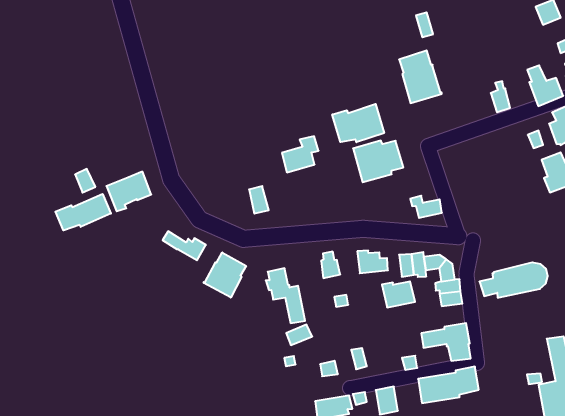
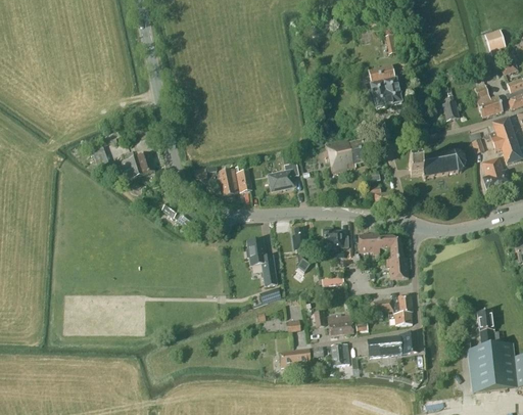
building: [332,104,384,142] -> none
building: [282,136,319,172] -> [268,163,298,191]
building: none -> [219,168,238,195]
building: [55,194,111,230] -> none
building: [204,252,246,298] -> none
building: [479,262,548,298] -> [408,150,465,178]
building: [382,281,415,307] -> [327,315,353,335]

